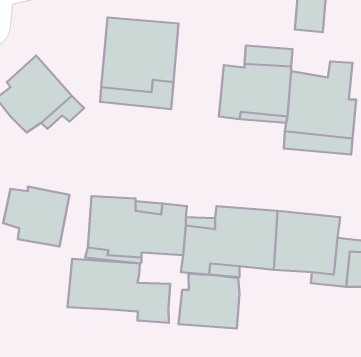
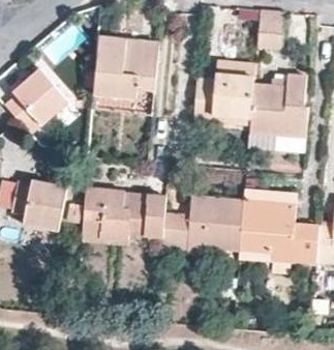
building: [68,259,170,323] -> none
building: [179,274,239,329] -> none

